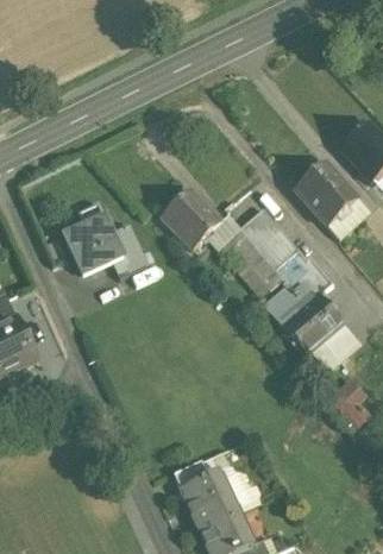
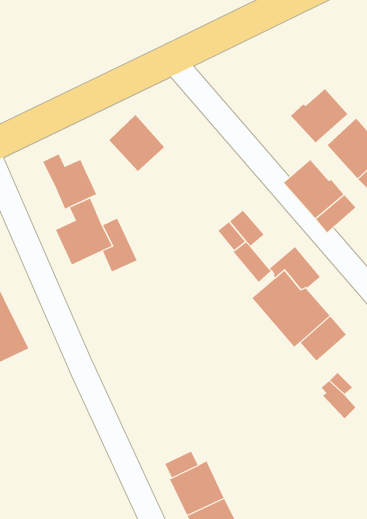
building: none -> [290,88,348,143]
building: none -> [43,153,97,209]
building: [162,190,219,248] -> [108,114,165,172]

